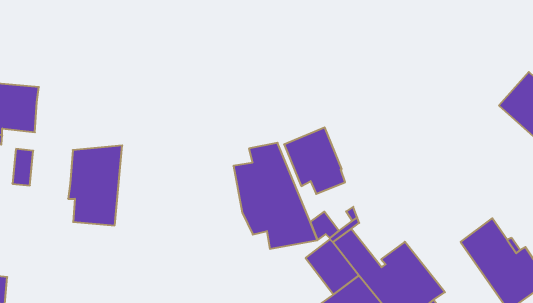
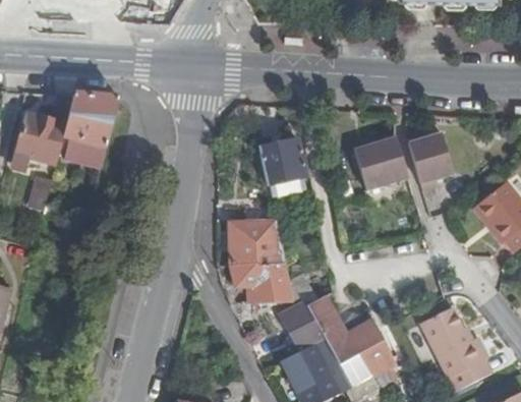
building: none -> [406,131,452,189]
building: none -> [352,136,407,190]
building: [284,127,345,194] -> [257,137,306,195]
building: [68,145,122,225] -> [62,94,118,167]

